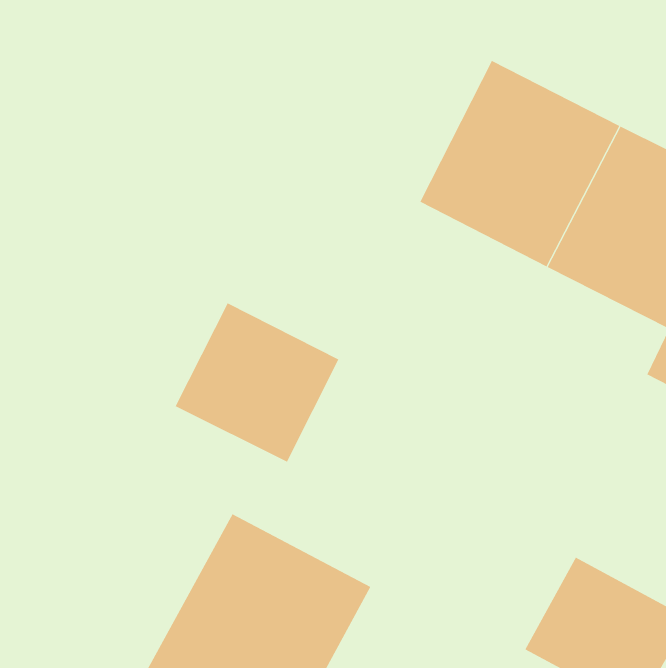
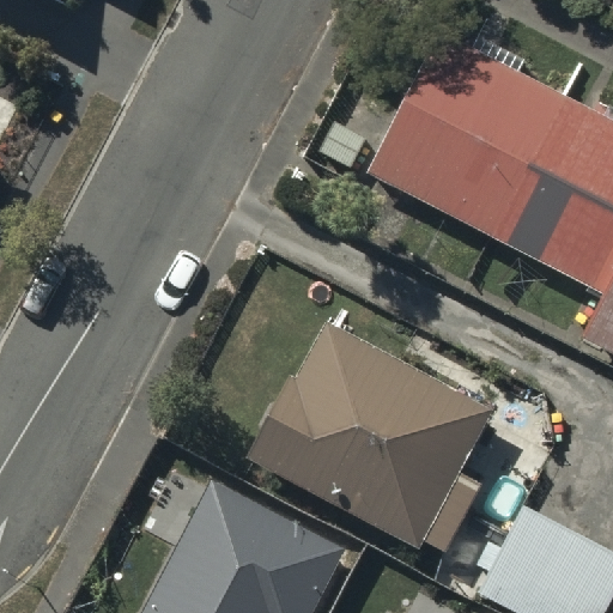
building: [175,303,339,463] -> none
building: none -> [259,321,487,535]

